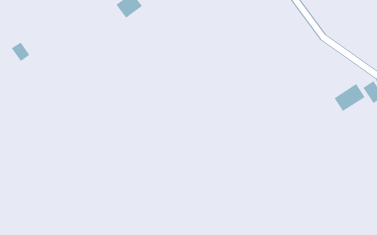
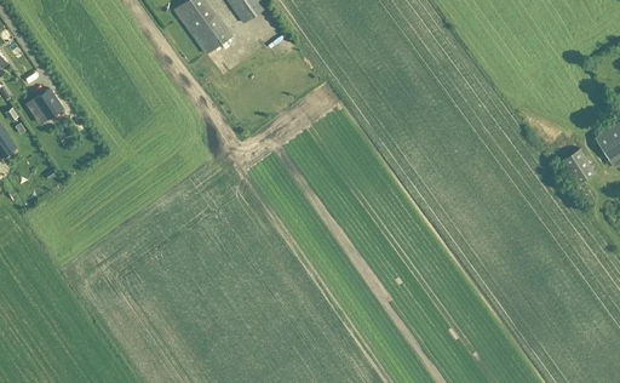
building: [334,83,365,112] -> none

